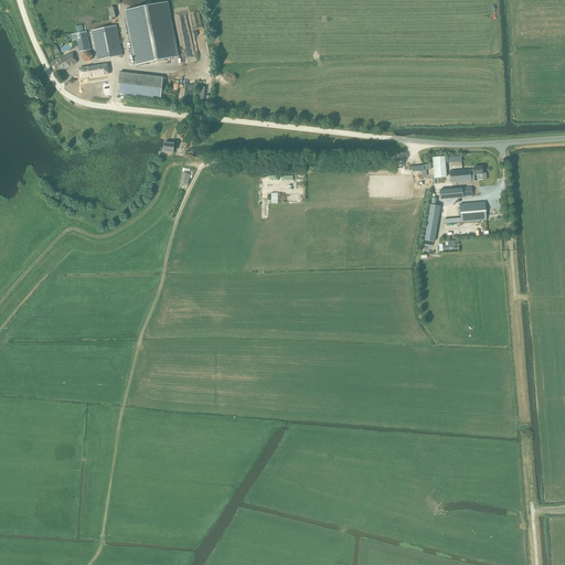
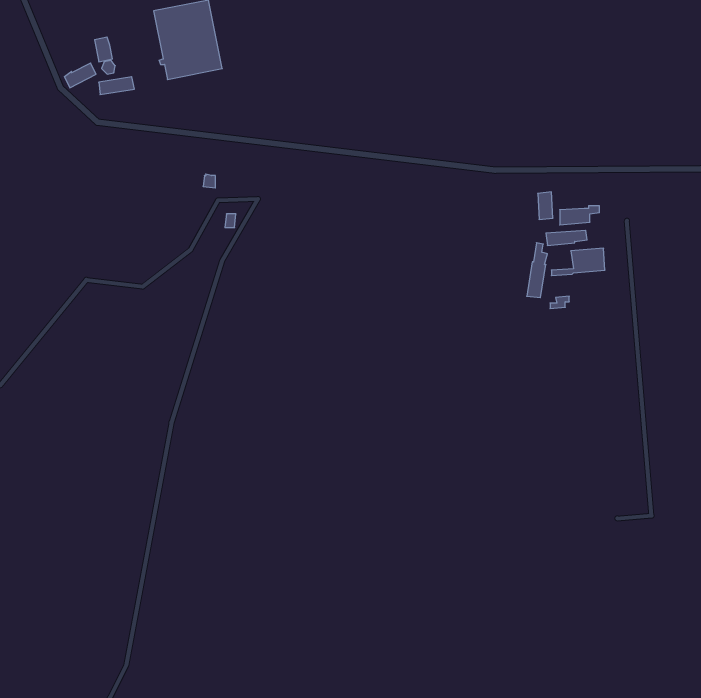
building: [92,23,122,57] -> none
building: [116,71,163,98] -> none

